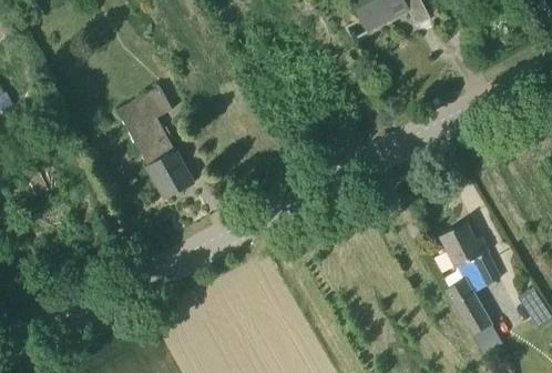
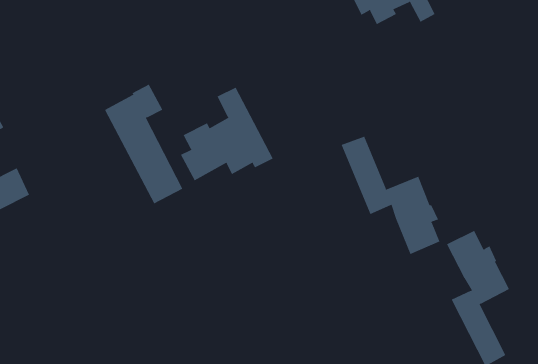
building: none -> [180,87,274,181]
building: none -> [341,136,440,255]

